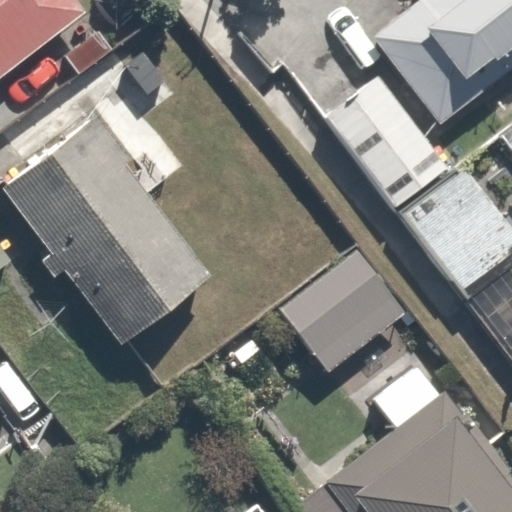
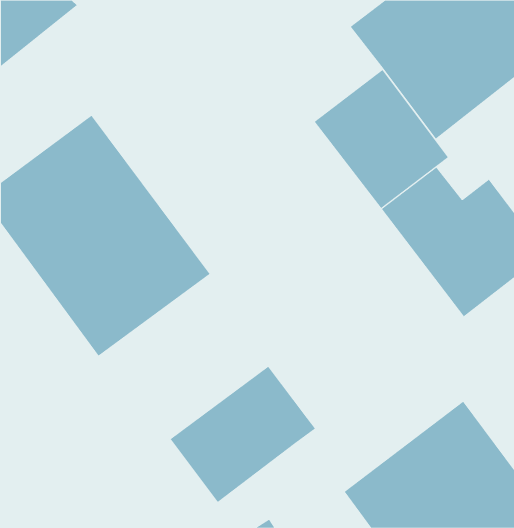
building: [276,245,413,376] -> none
building: none -> [170,366,316,503]

